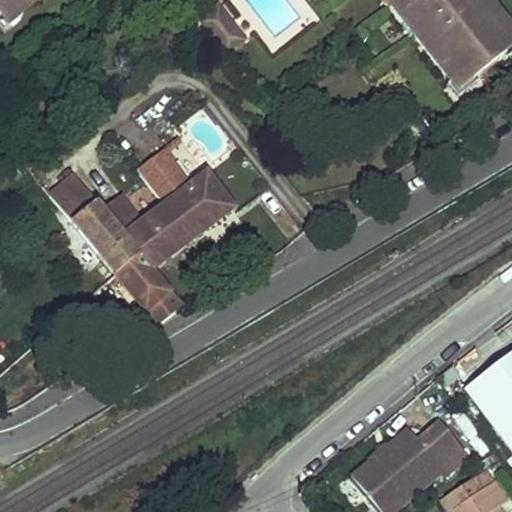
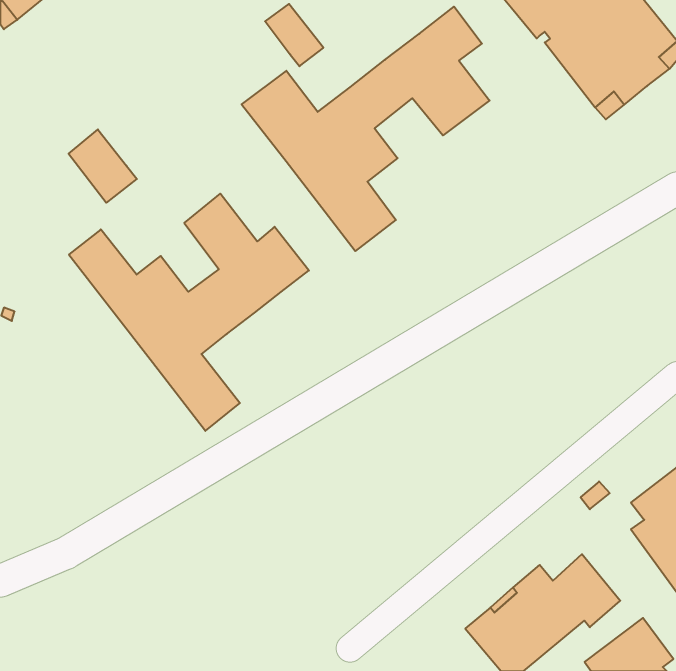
building: none -> [242,7,490,251]
building: none -> [69,129,137,203]

